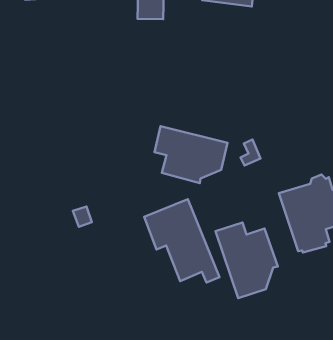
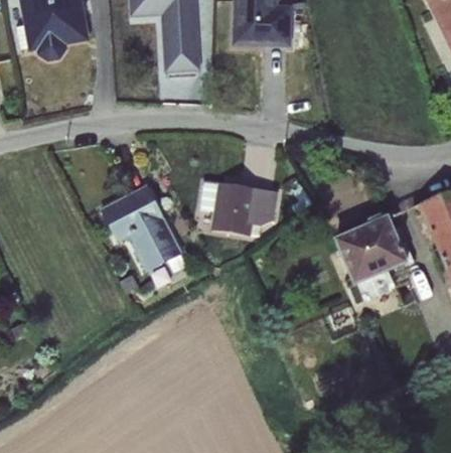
building: [144,199,219,283] -> [102,185,187,273]
building: [216,222,278,298] -> none

